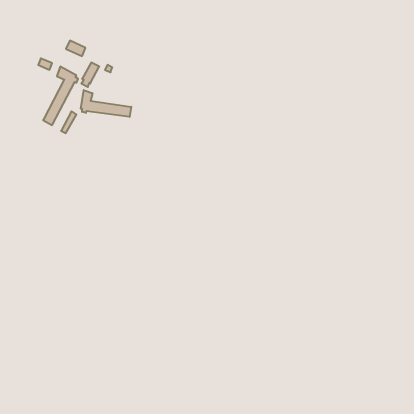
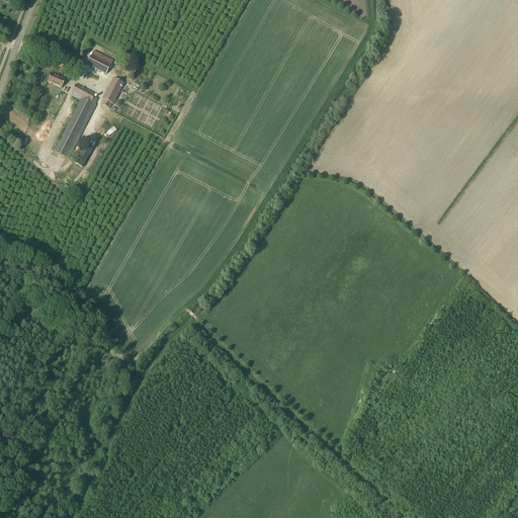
building: [81,90,131,117] -> none

